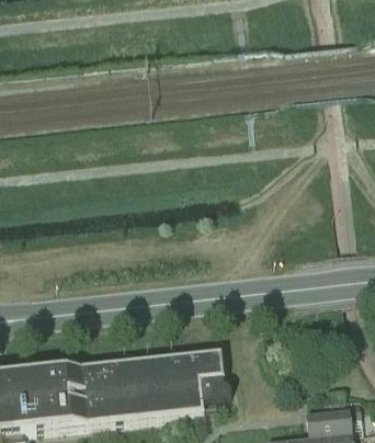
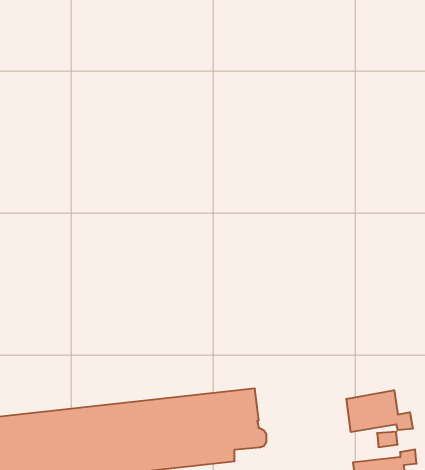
building: none -> [346,390,413,432]

